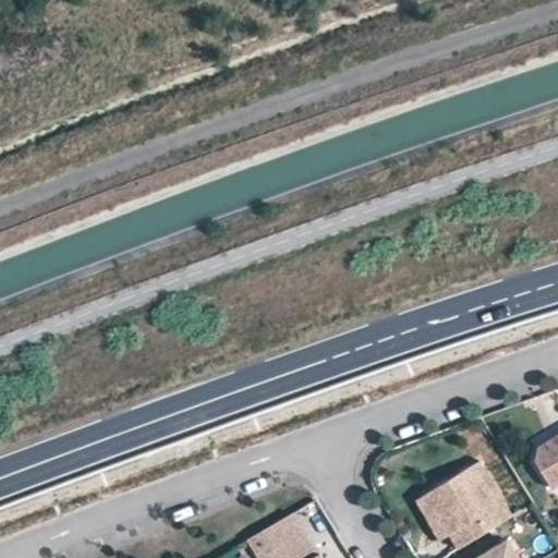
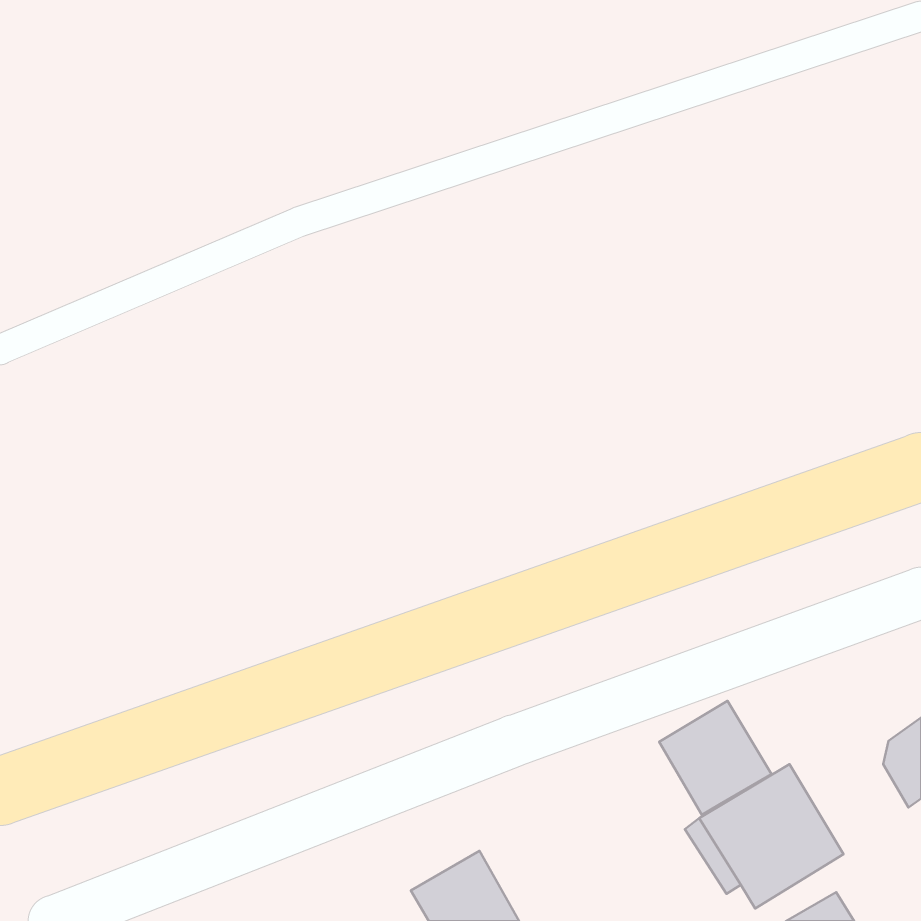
building: none -> [659,701,772,815]

